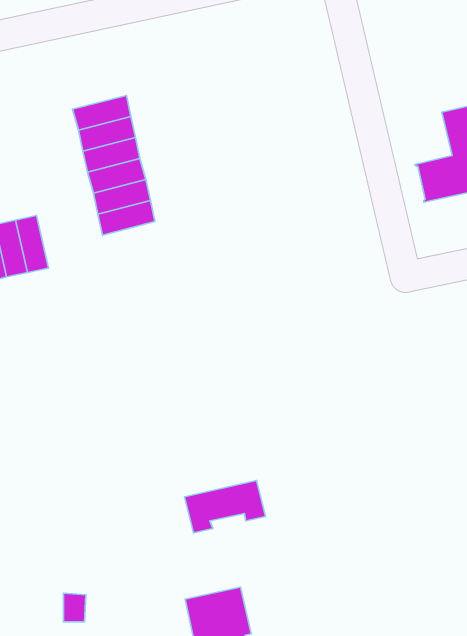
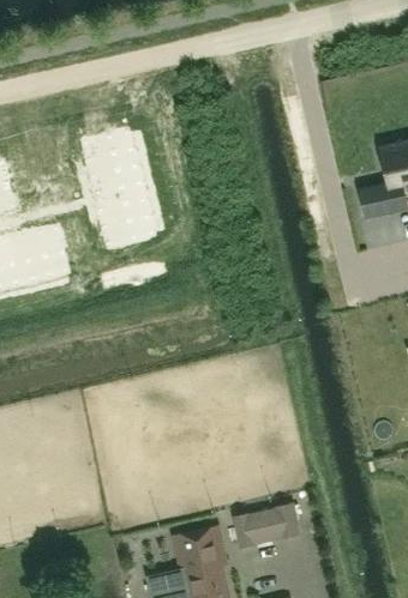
building: [184,481,265,533] -> [233,505,298,546]

